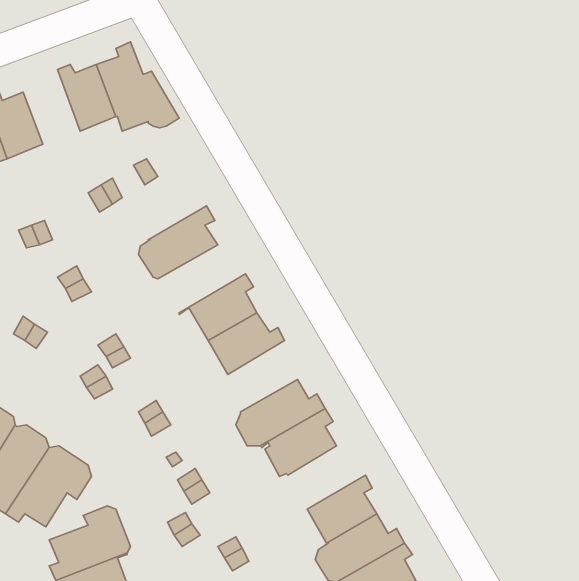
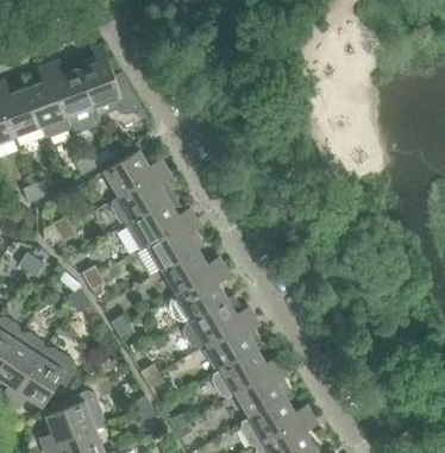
building: none -> [26,71,70,138]
building: none -> [104,150,161,196]
building: none -> [125,200,189,250]
building: none -> [171,270,227,322]
building: none -> [212,347,277,398]

